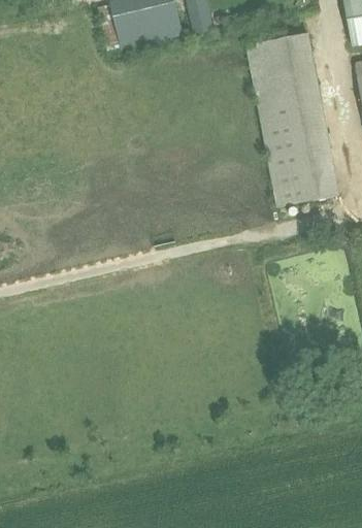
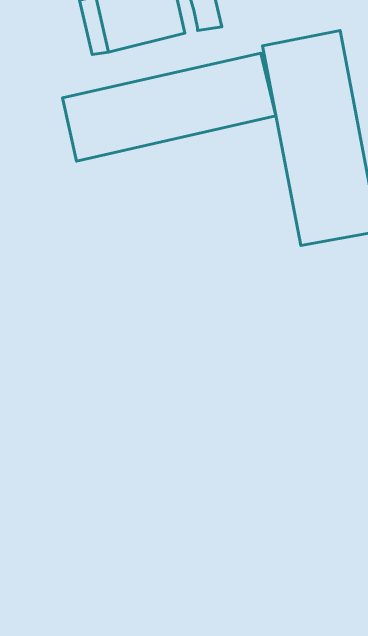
building: none -> [63,53,276,161]

